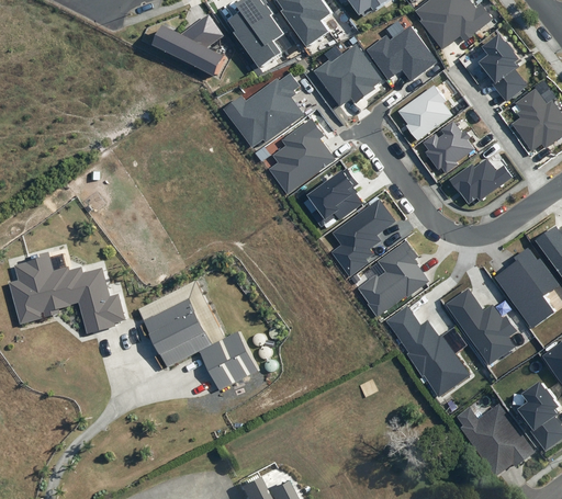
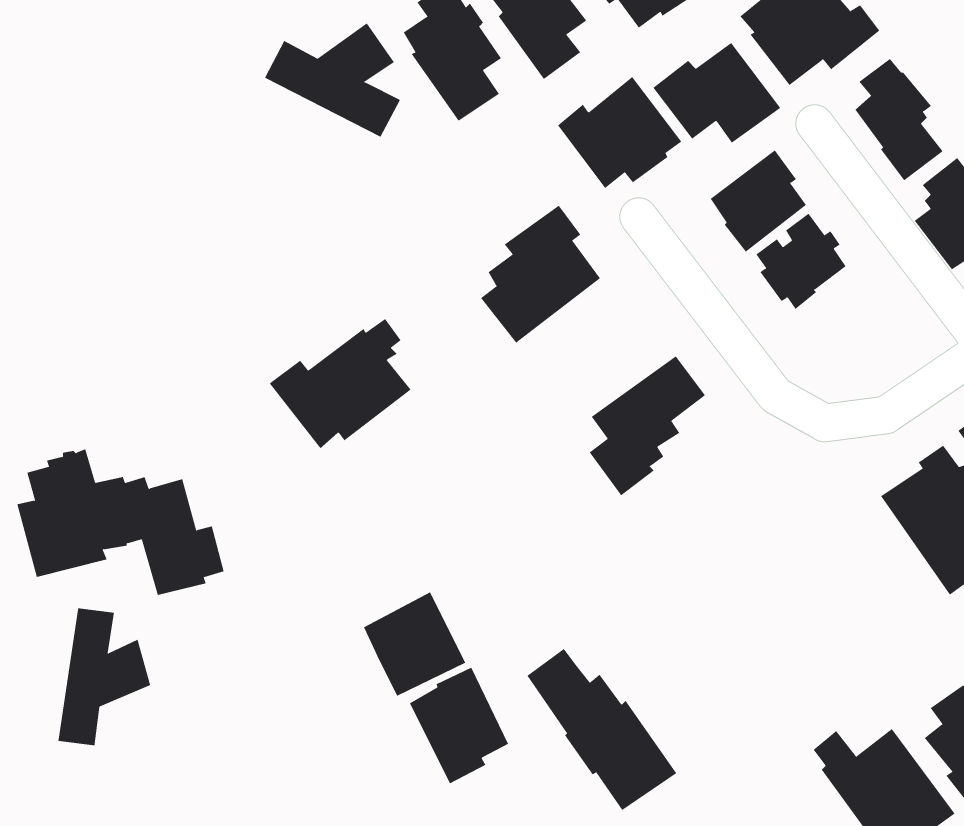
building: [227,71,306,144] -> [269,318,411,449]
building: [449,158,510,204] -> none
building: [306,168,361,226] -> none
building: [358,240,428,317] -> none
building: [446,290,516,364] -> none
building: [149,297,216,365] -> none
building: [385,306,469,396] -> [527,648,677,811]
building: none -> [58,607,151,746]
building: none -> [409,667,509,784]

